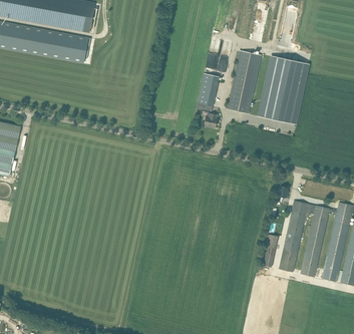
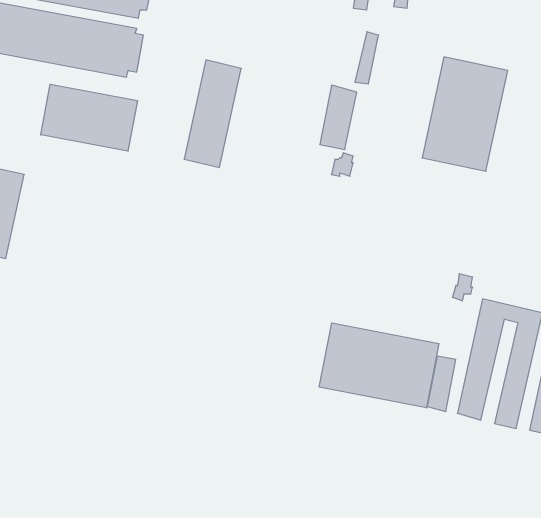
building: [227,49,261,113] -> [184,60,241,168]
building: none -> [41,84,137,151]
building: none -> [319,323,439,408]

